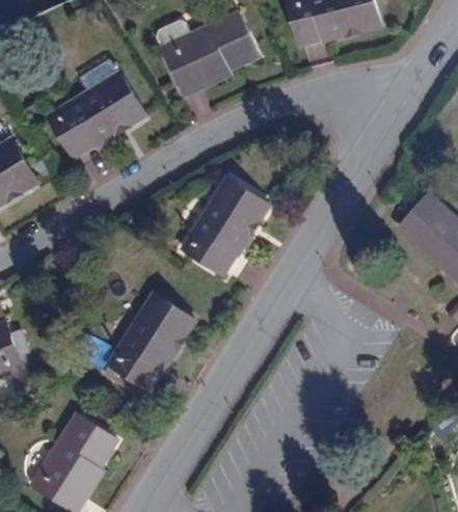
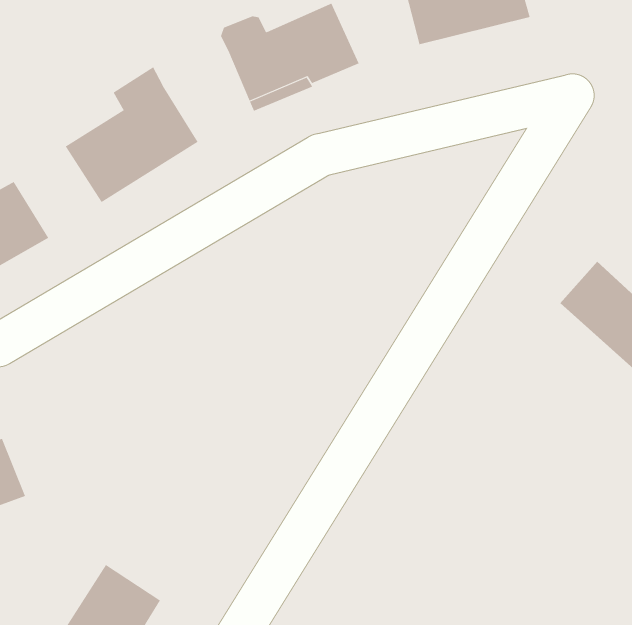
building: [182,180,268,276] -> none
building: [109,297,193,389] -> none

